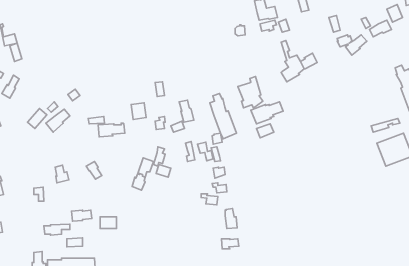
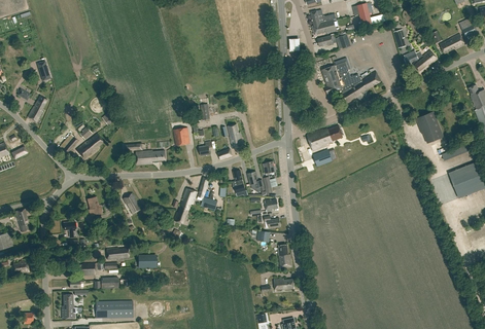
building: [238,77,263,108] -> [321,60,349,95]
building: none -> [416,112,444,142]
building: [210,93,237,139] -> none

